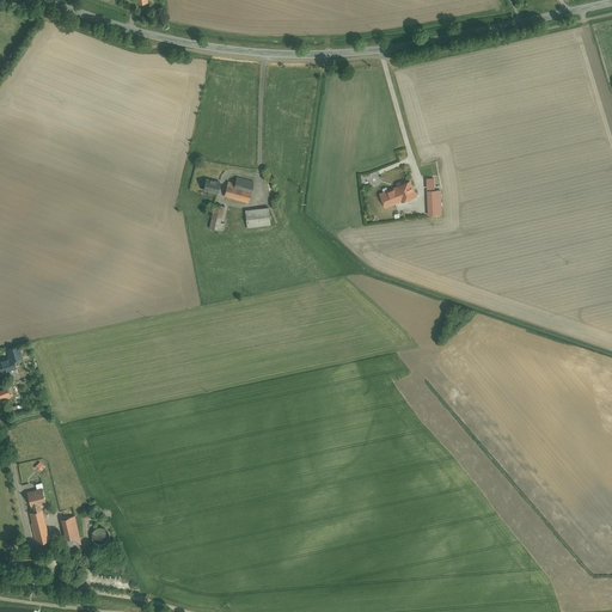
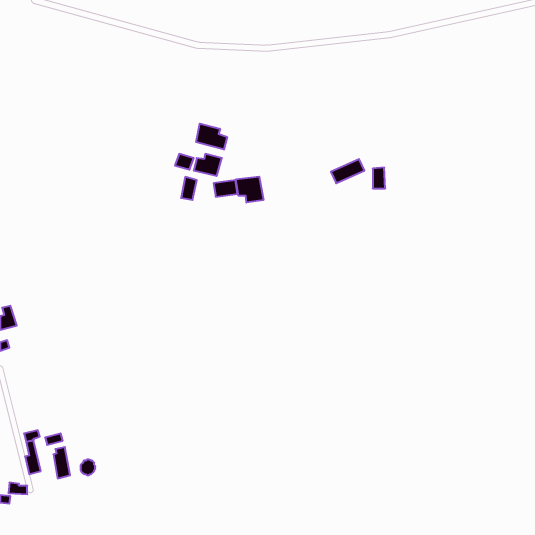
building: none -> [196,124,227,150]
building: none -> [236,177,263,203]

